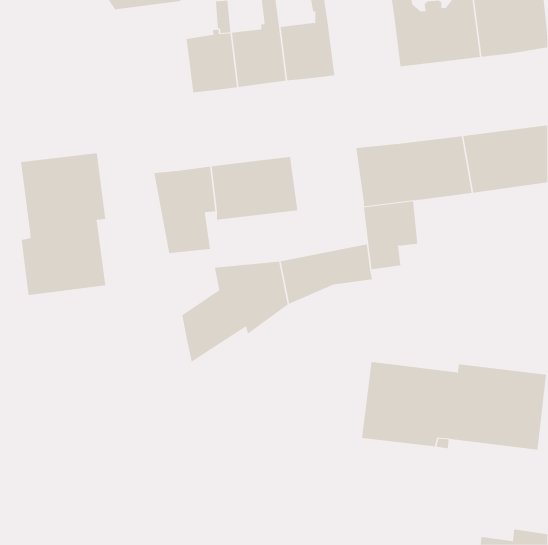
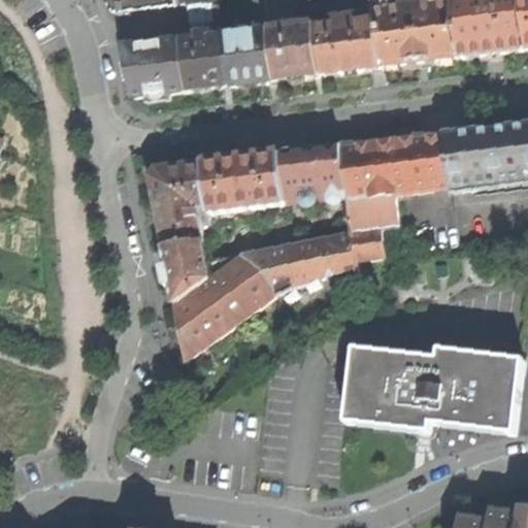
building: none -> [314,12,382,72]
building: none -> [122,37,184,95]
building: none -> [277,141,346,201]
building: [21,153,106,296] -> none
building: none -> [161,238,208,301]

